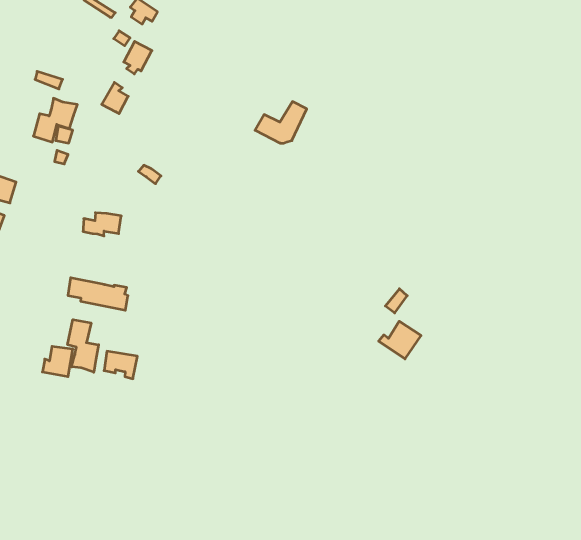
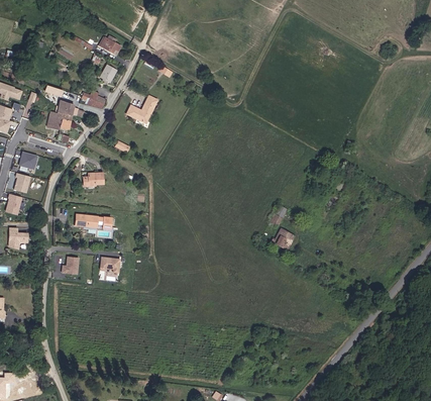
building: [255,102,307,143] -> [125,96,156,122]
building: [68,320,99,372] -> none

